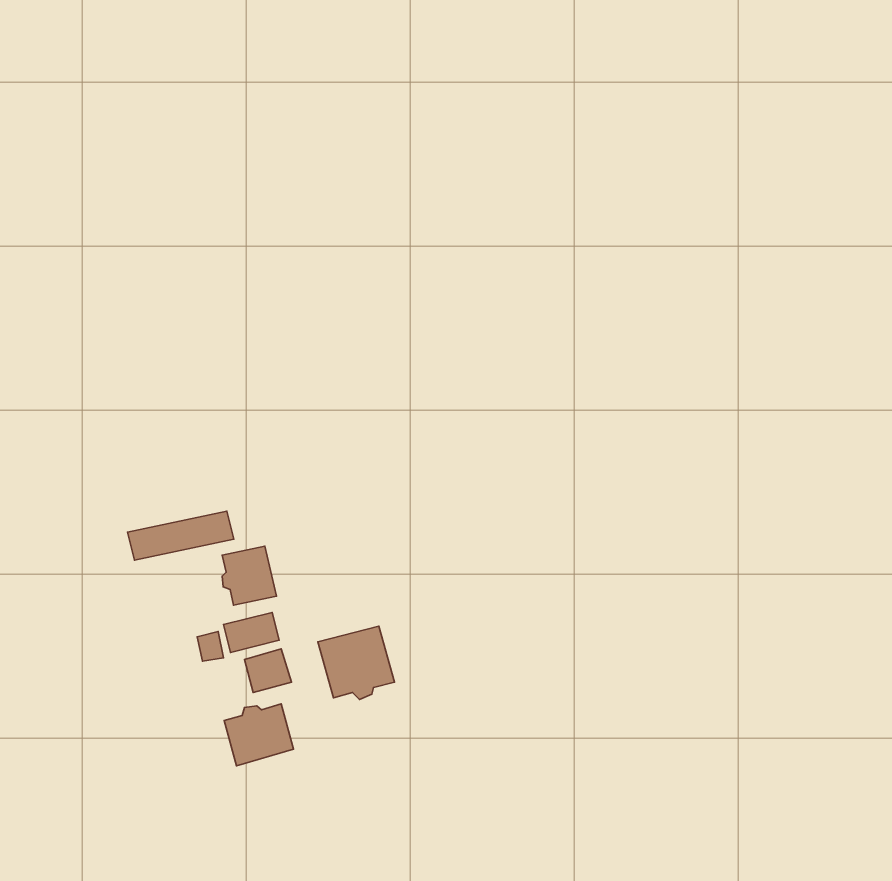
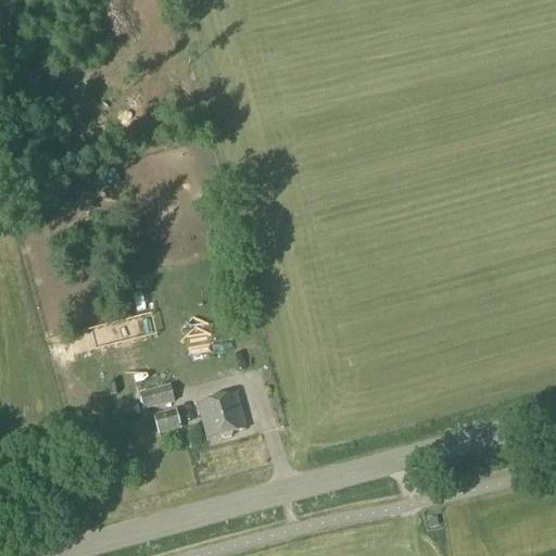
building: [222,546,277,605] -> none
building: [224,704,293,766] -> none

